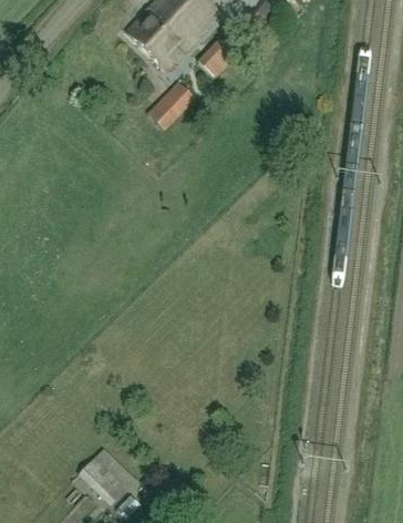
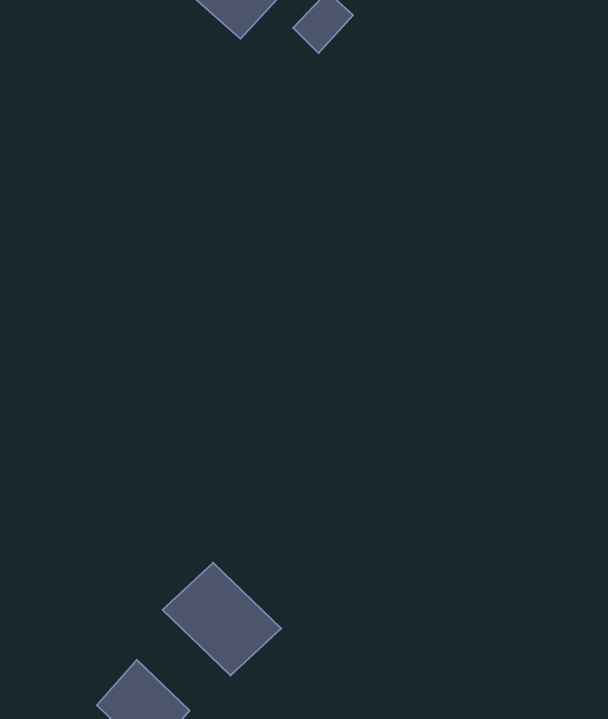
building: [147,79,195,130] -> none
building: none -> [163,563,281,676]

